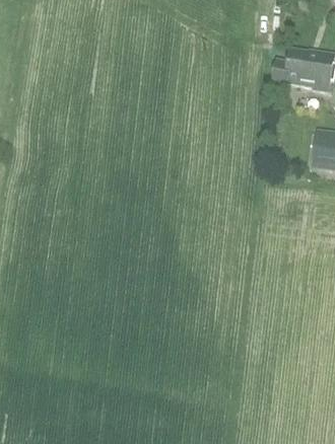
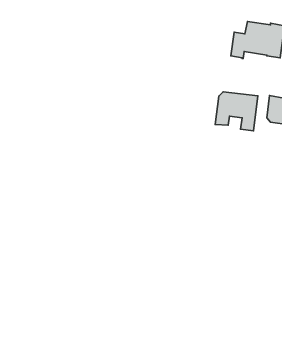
building: none -> [215,92,258,131]

